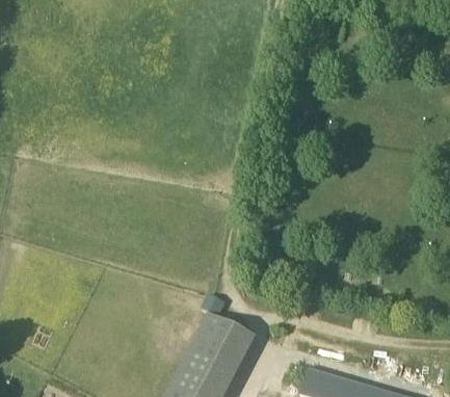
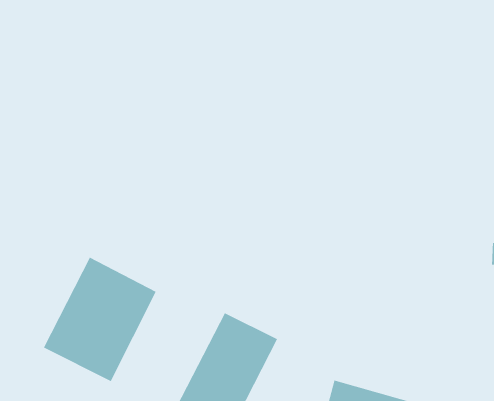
building: none -> [43,257,157,382]

